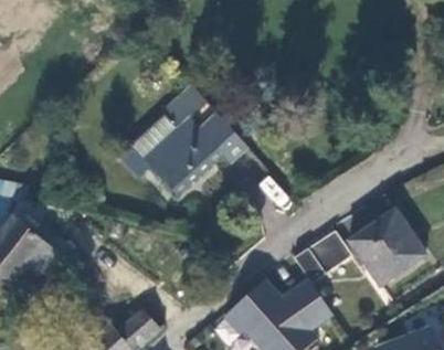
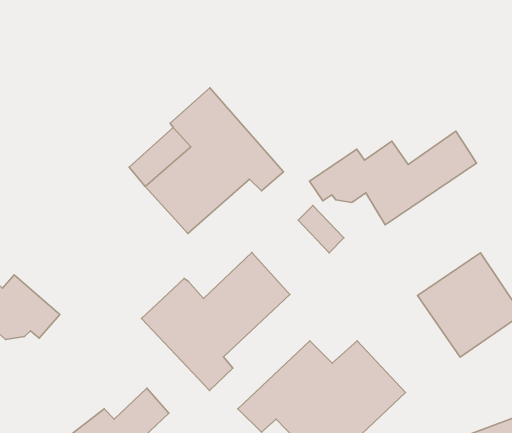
building: none -> [309,131,477,225]
building: none -> [141,253,290,391]
building: [294,231,351,284] -> none

